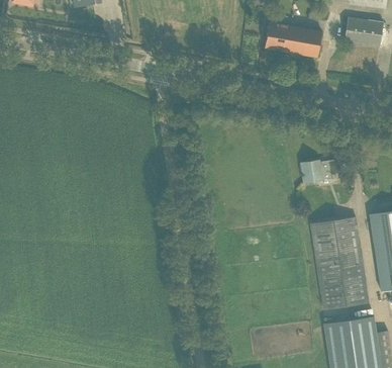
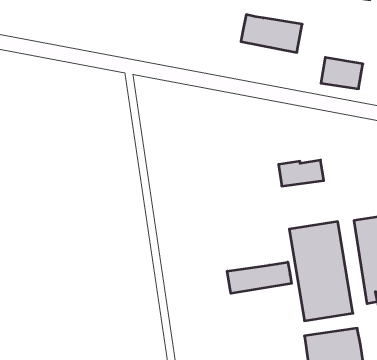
building: [344,16,383,45] -> [321,57,363,89]
building: none -> [227,262,292,293]

